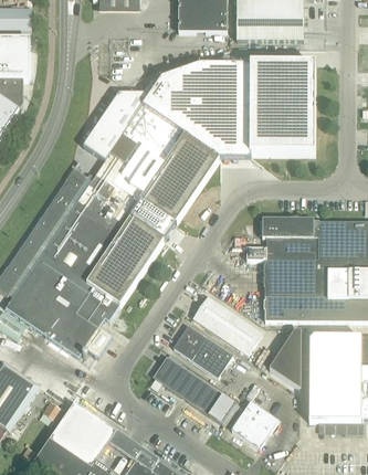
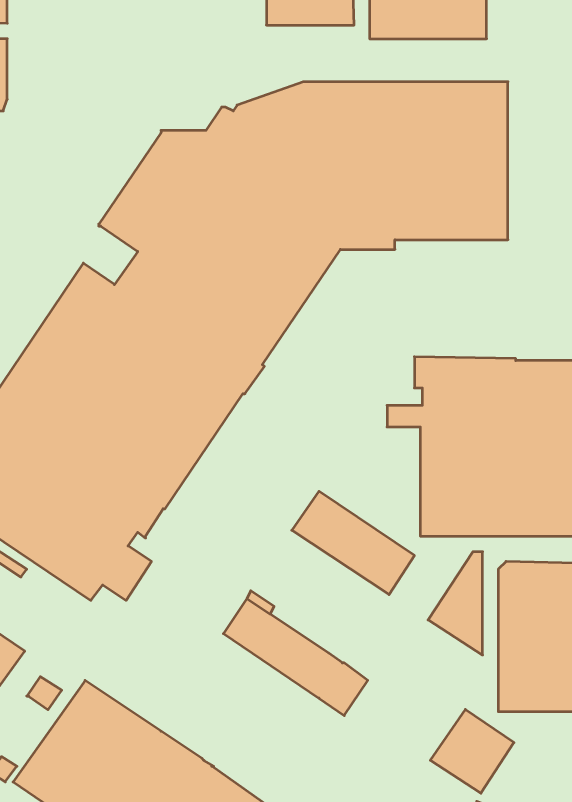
building: [171,324,231,376] -> none
building: [230,400,277,447] -> [430,709,514,793]

